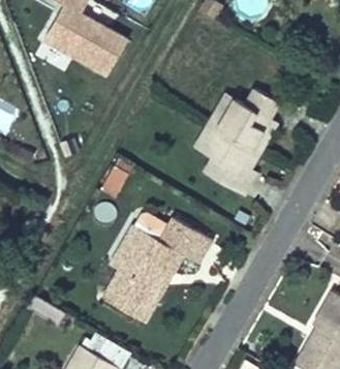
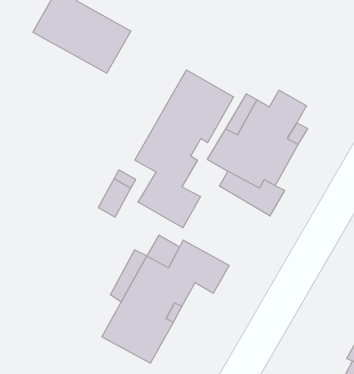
building: none -> [135,70,234,228]

